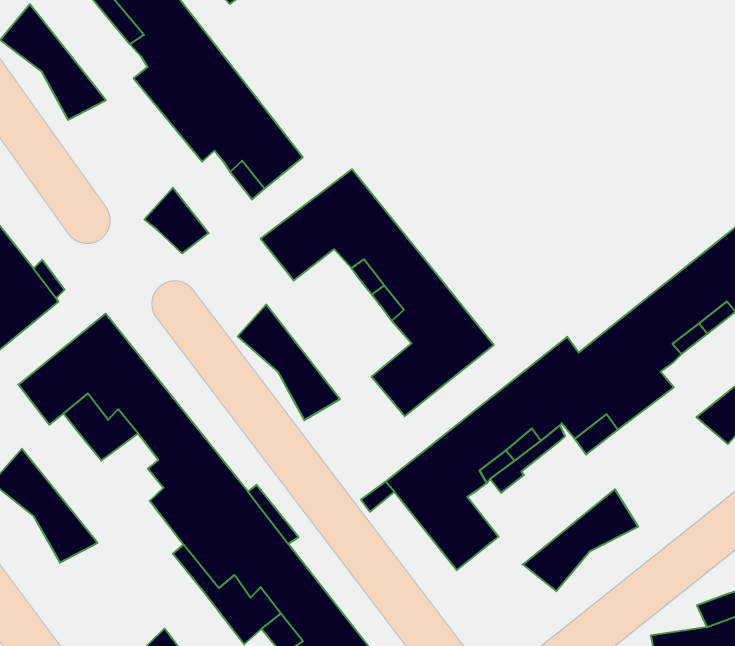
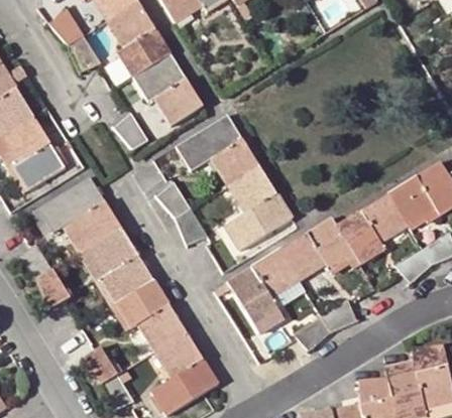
building: none -> [78,242,116,307]

